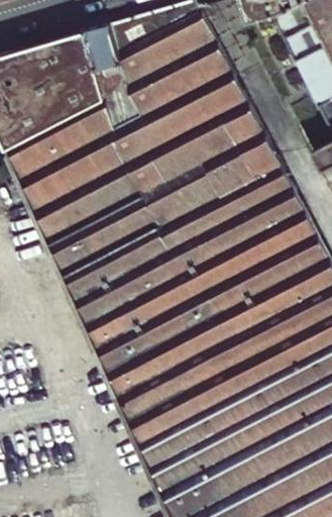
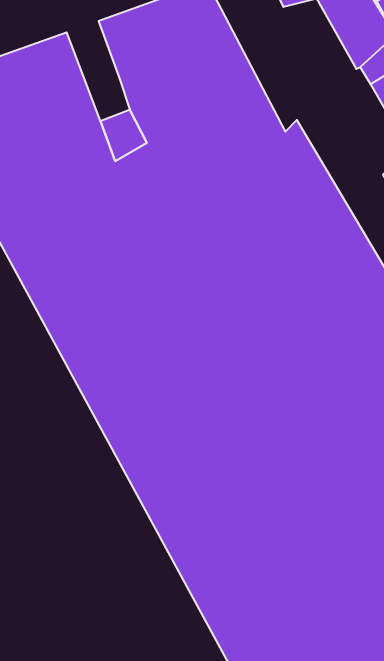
building: [83,26,120,79] -> none

